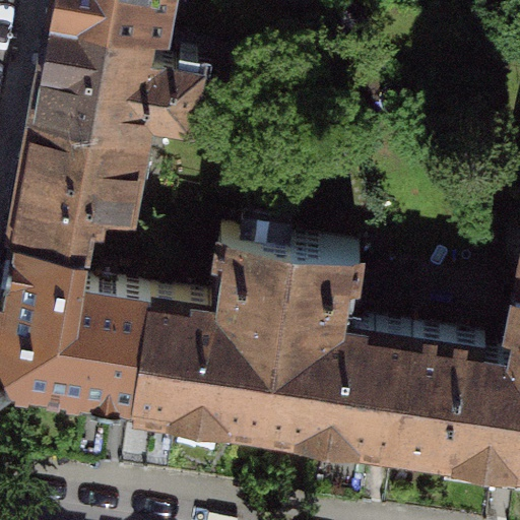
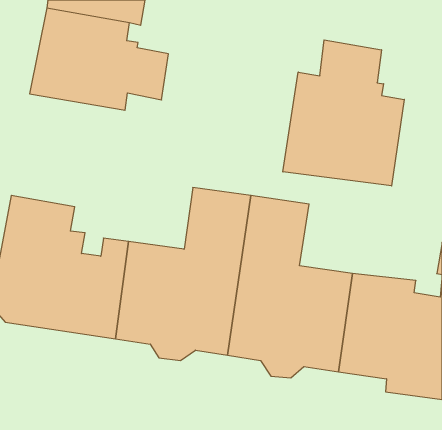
building: none -> [283,40,404,186]
building: [13,126,146,258] -> none

